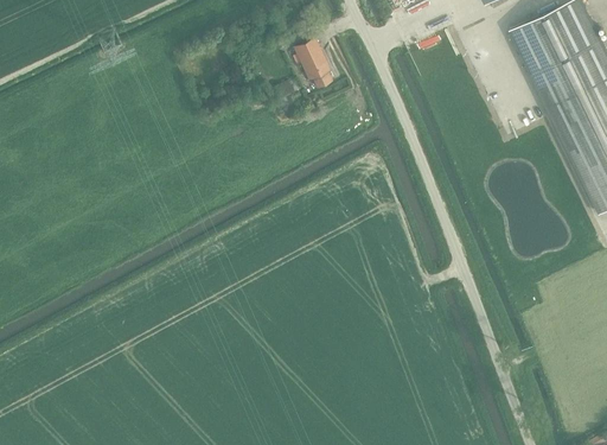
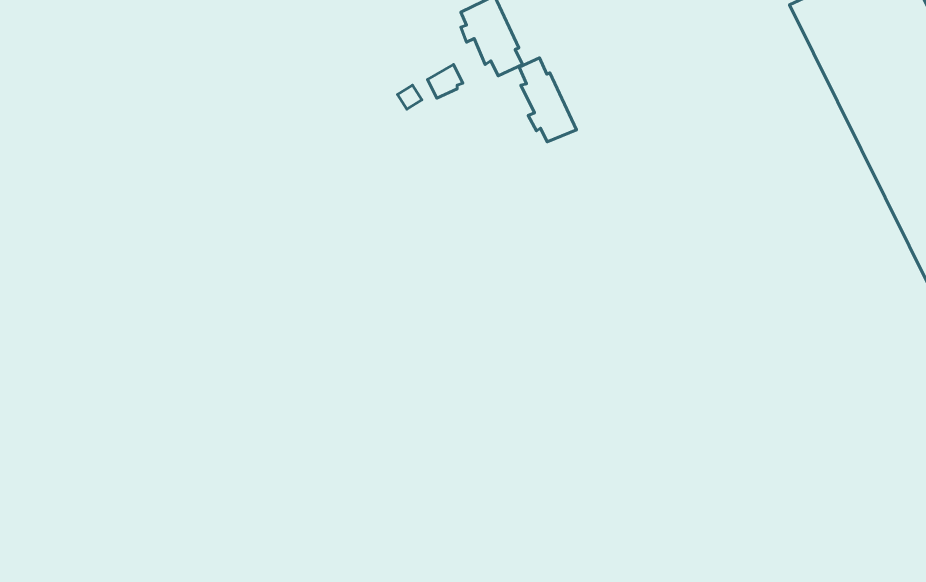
building: none -> [519,58,576,142]

